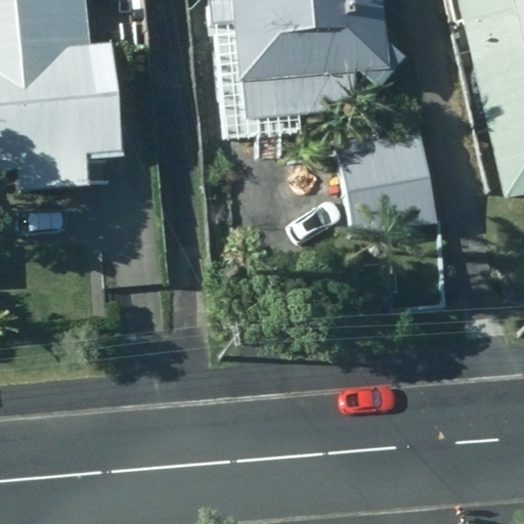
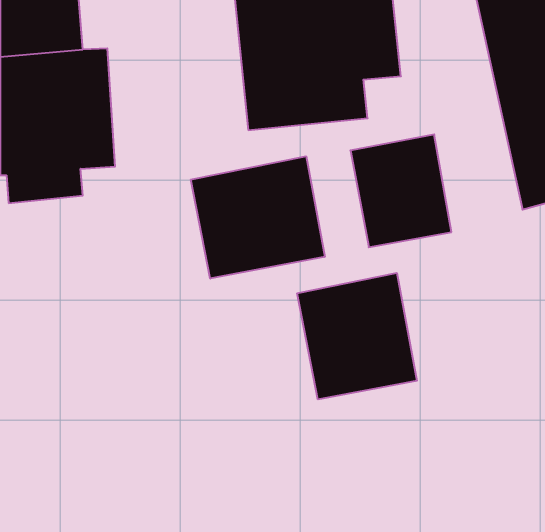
building: none -> [191,156,325,279]
building: none -> [297,273,417,399]

